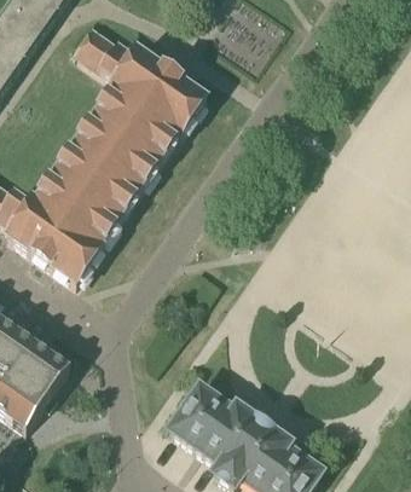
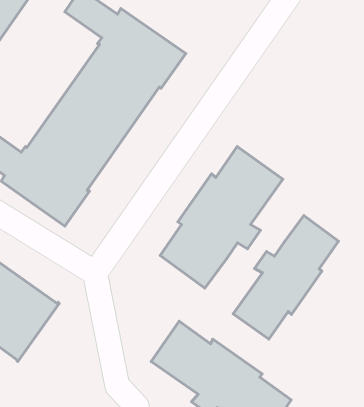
building: none -> [160,147,283,288]
building: none -> [233,215,338,339]

